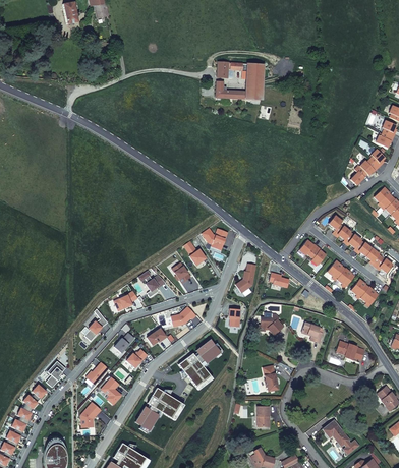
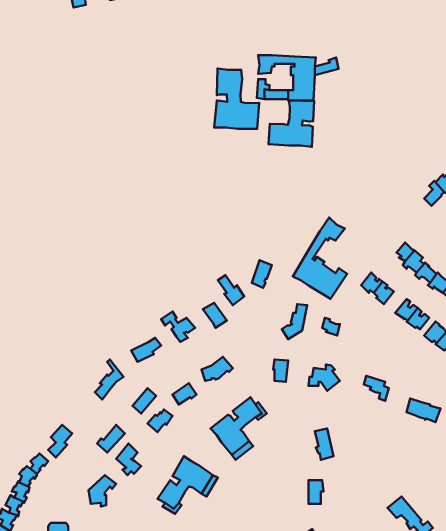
building: none -> [214,68,259,129]
building: none -> [269,101,314,147]
building: none -> [293,218,347,299]

